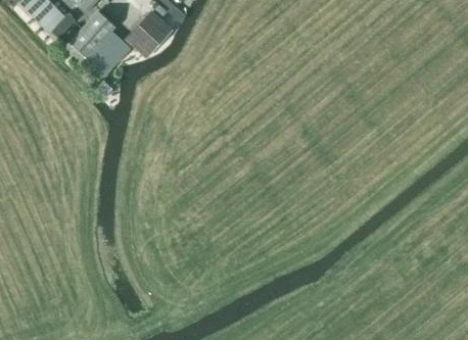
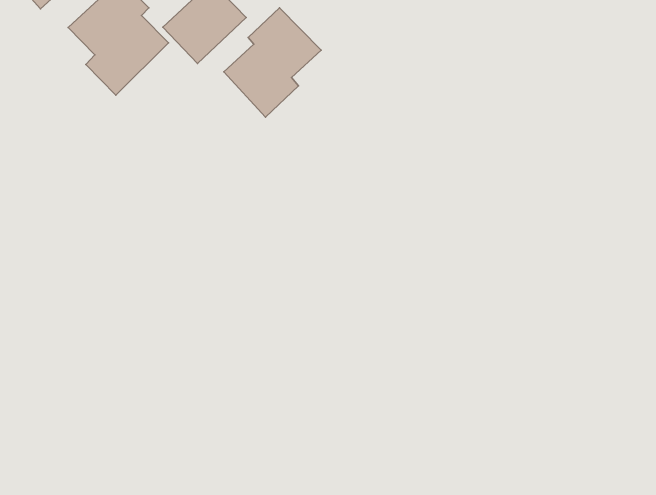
building: none -> [224,8,321,117]

